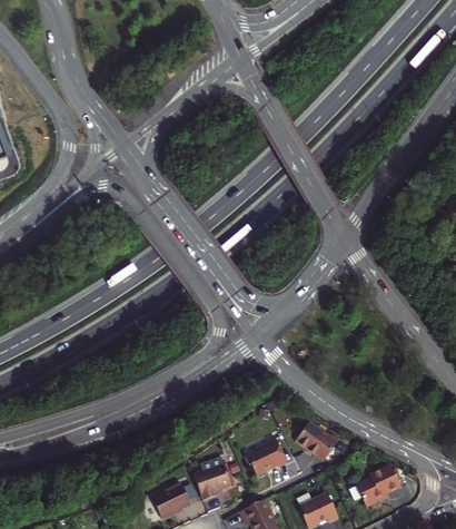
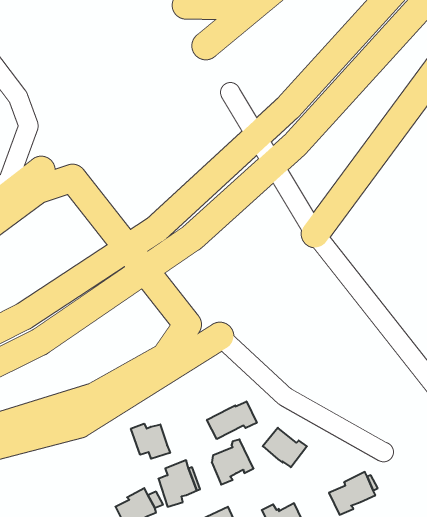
building: none -> [207,401,257,439]
building: none -> [131,424,170,459]

